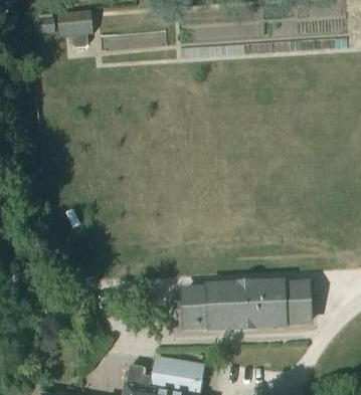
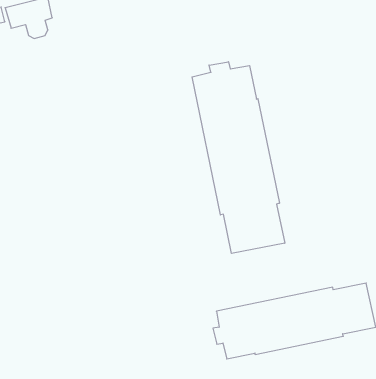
building: none -> [192,62,285,253]

